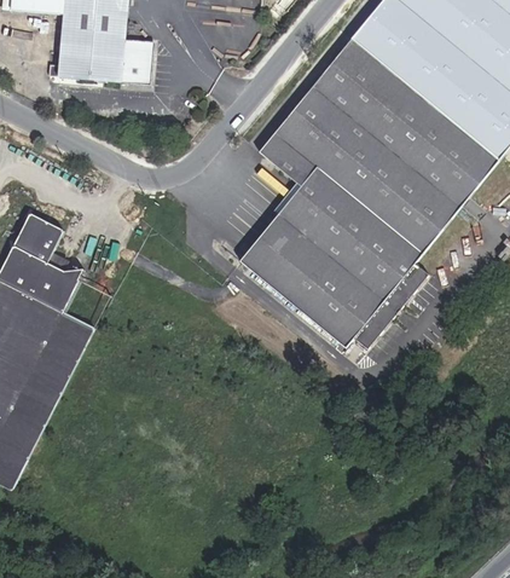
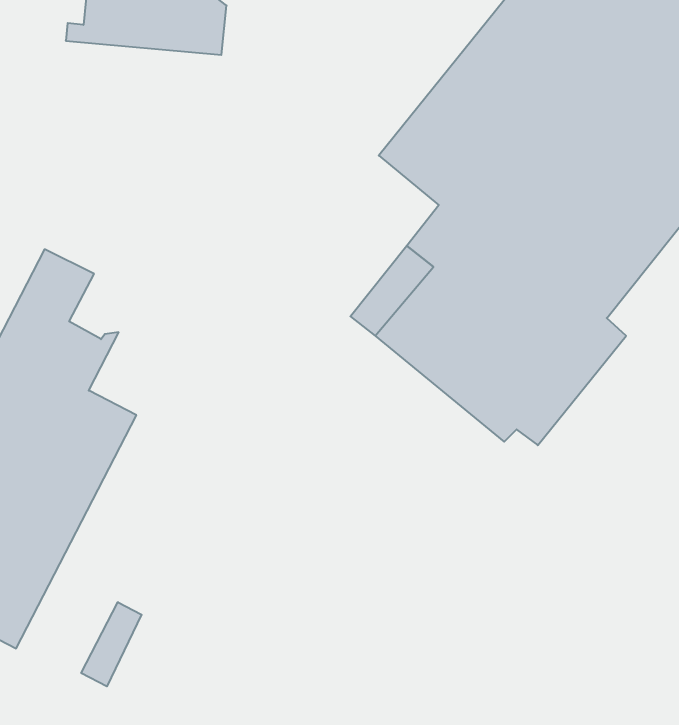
building: none -> [81,602,142,686]

